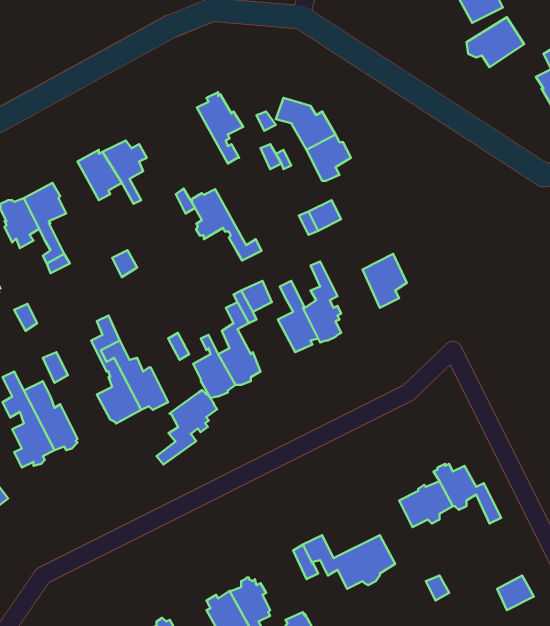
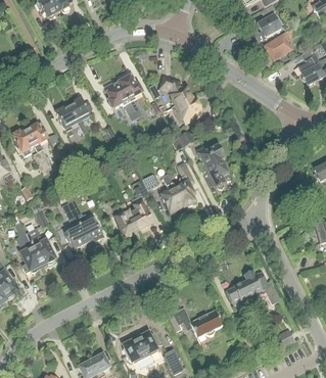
building: [192,189,262,260] -> [105,82,142,120]
building: none -> [196,144,225,168]
building: [156,390,217,464] -> none

